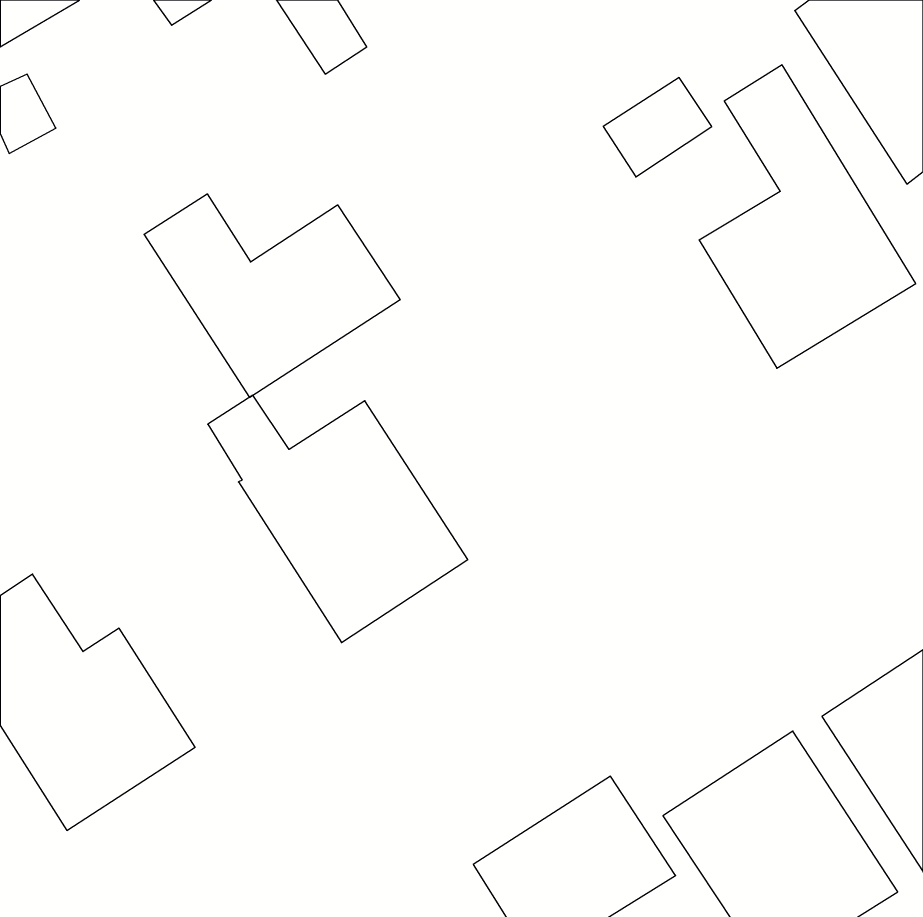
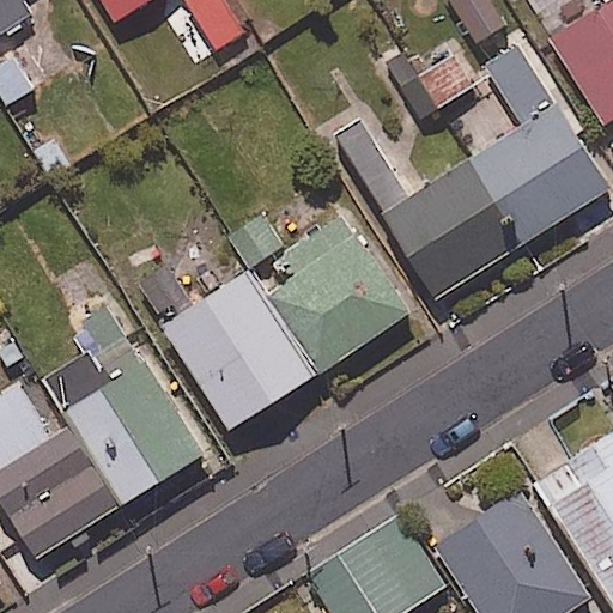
building: none -> [326,115,515,302]
building: [144,194,400,397] -> none
building: none -> [227,217,405,375]
building: none -> [57,304,207,499]

